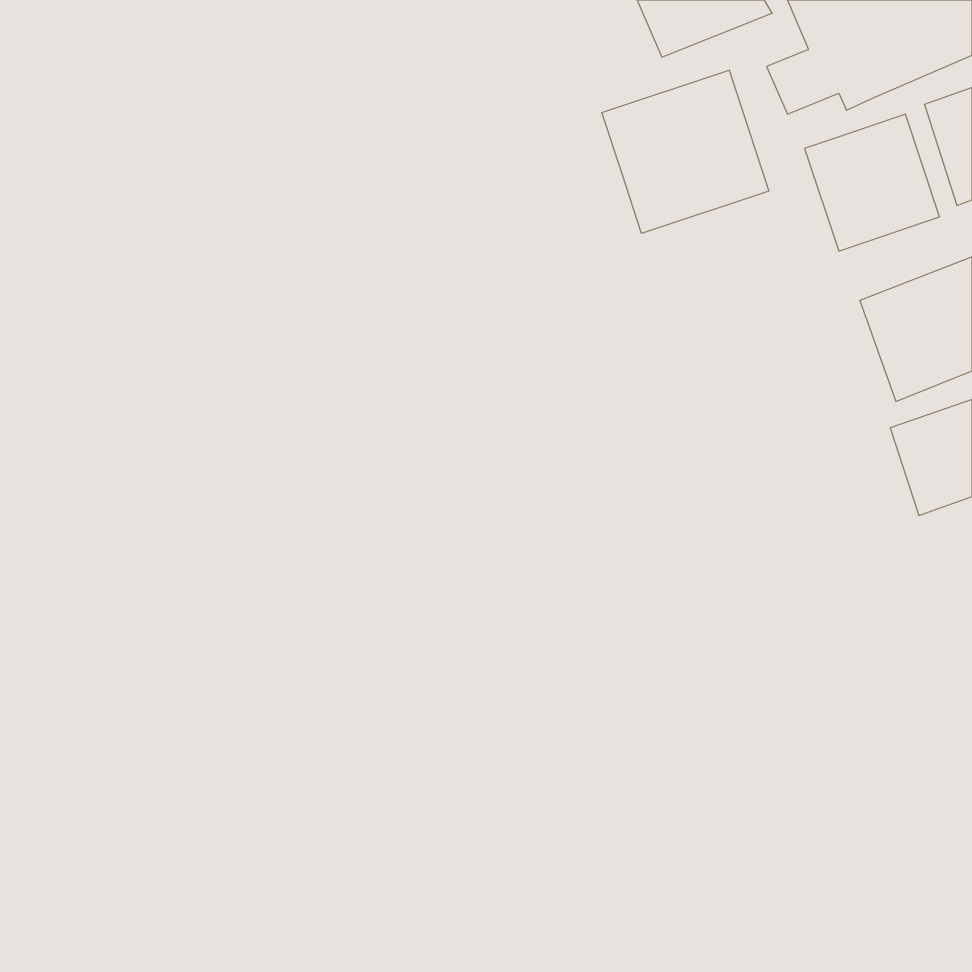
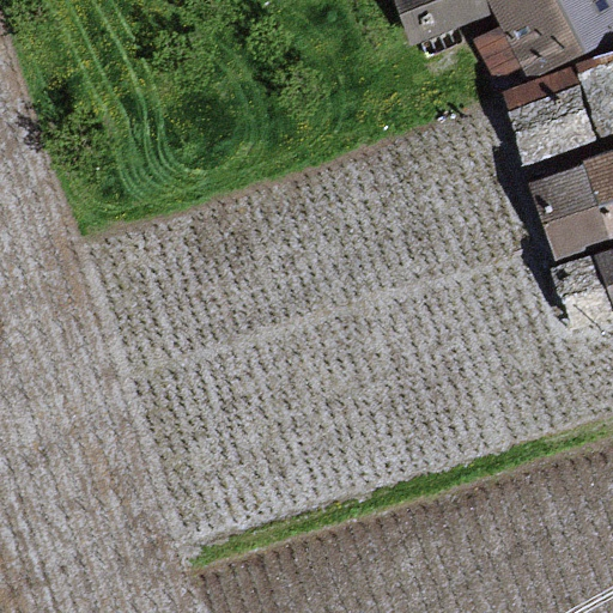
building: [602,70,769,233] -> none

